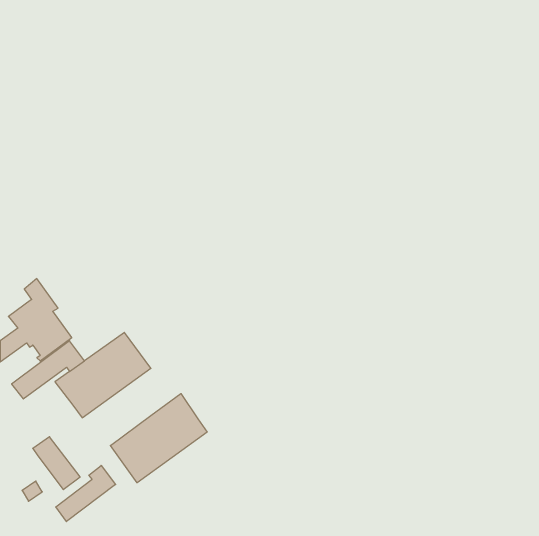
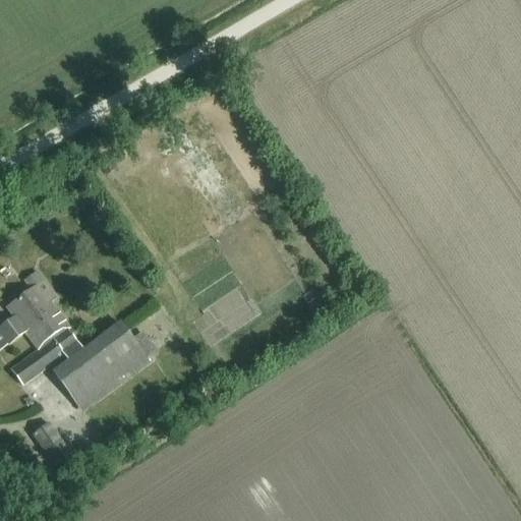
building: [110,394,207,483] -> none
building: [56,465,116,522] -> none

